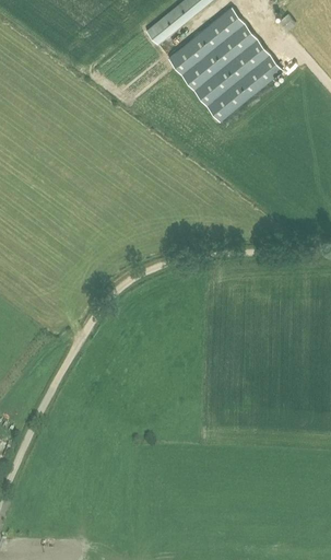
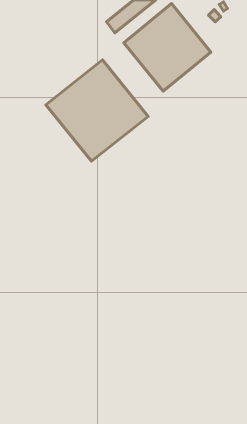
building: none -> [46,60,148,161]

